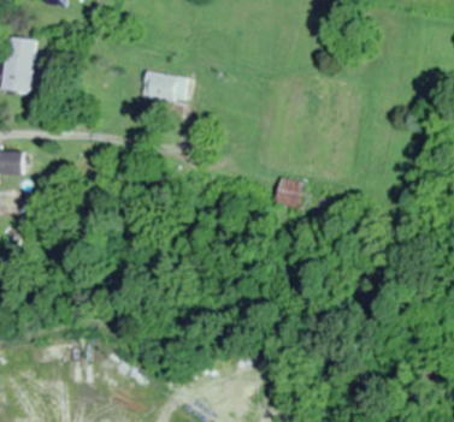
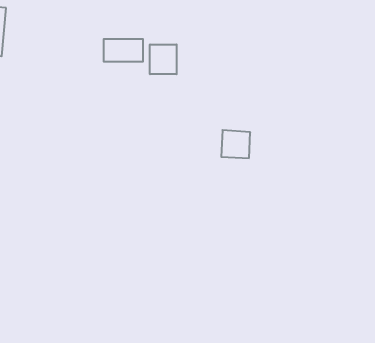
building: none -> [150,44,177,74]

